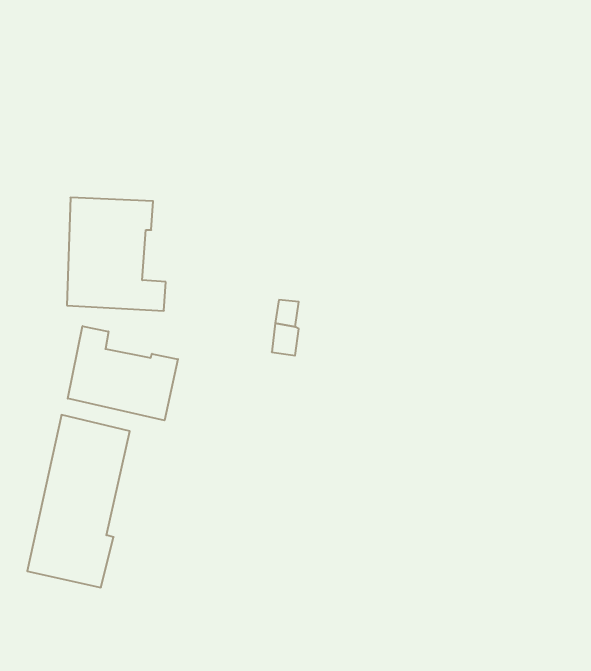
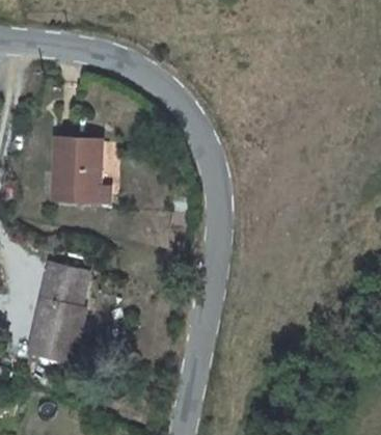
building: [68,326,178,420] -> none

